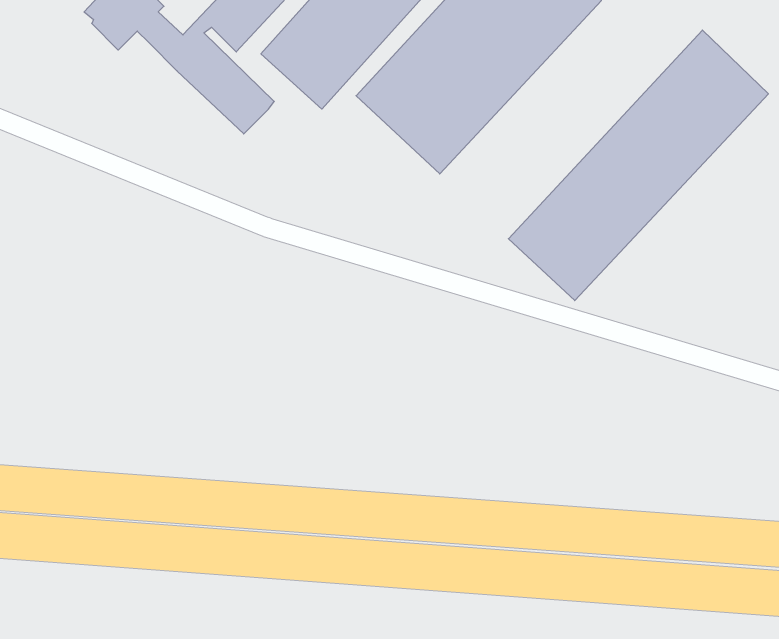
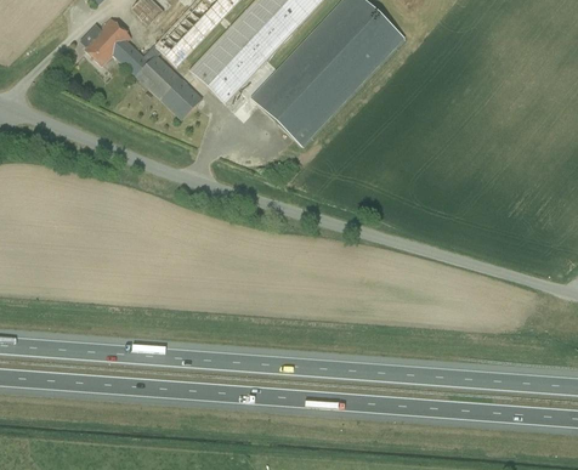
building: [508,30,768,301] -> none

